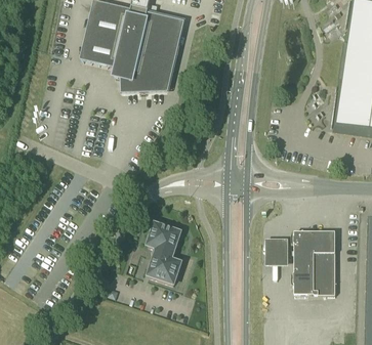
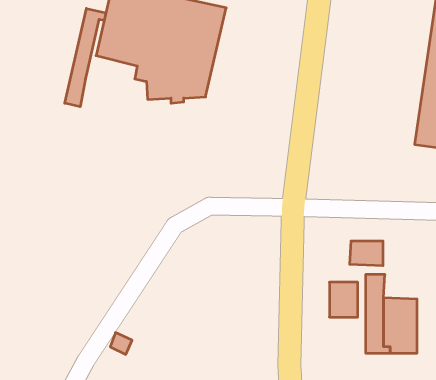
building: none -> [65,8,106,107]
building: [149,222,181,283] -> none
building: [308,230,335,250] -> [350,241,383,266]

